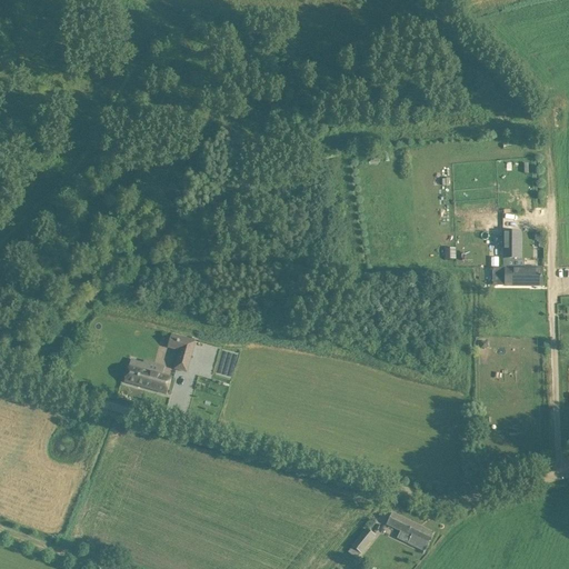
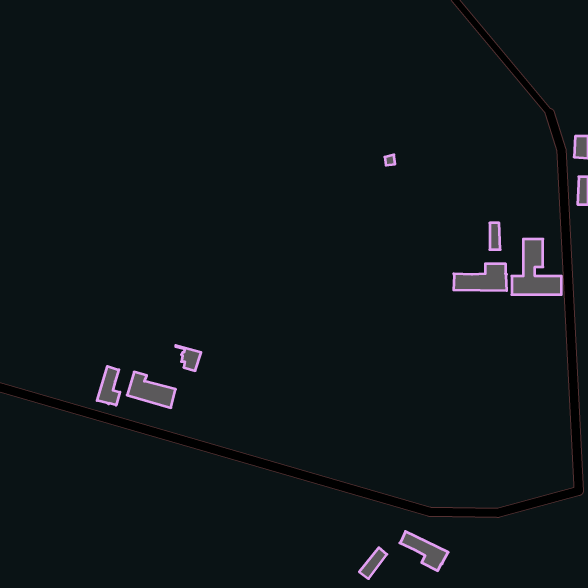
building: none -> [454,264,507,291]
building: none -> [97,366,120,405]

